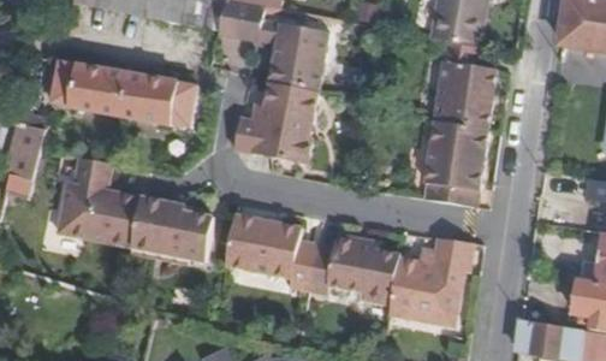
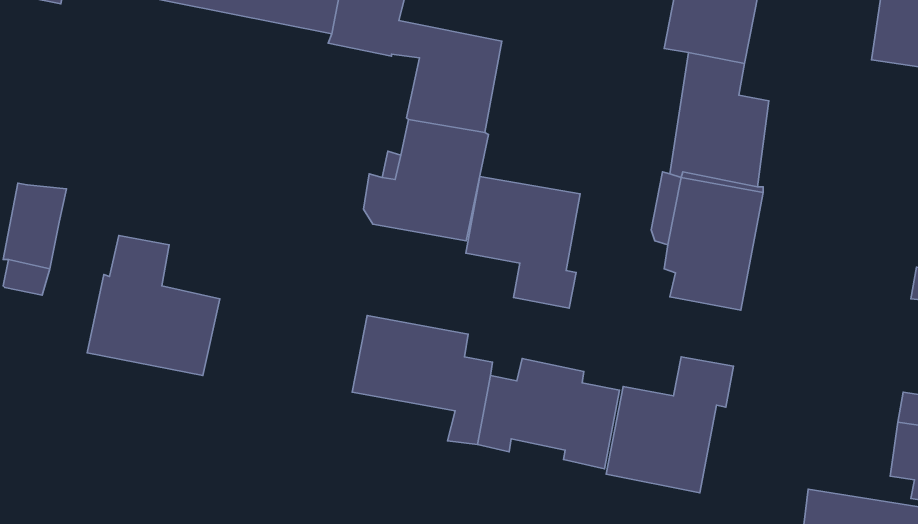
building: [54,60,196,129] -> none
building: none -> [466,176,580,308]
building: [132,199,214,262] -> none

